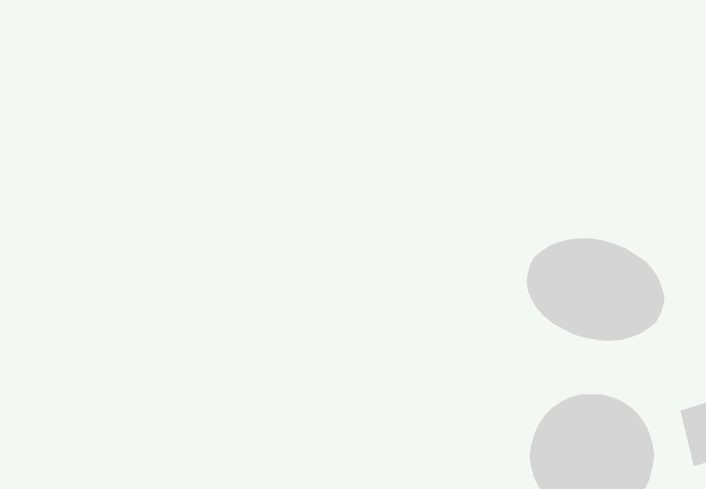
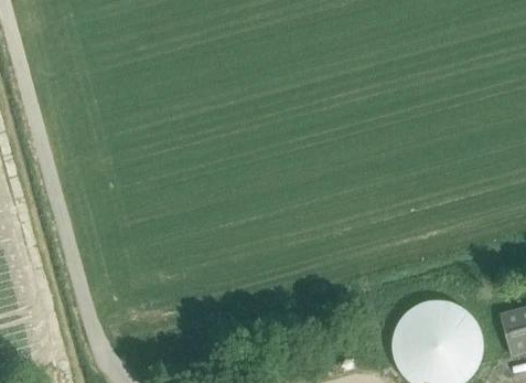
building: [526,238,665,342] -> none

